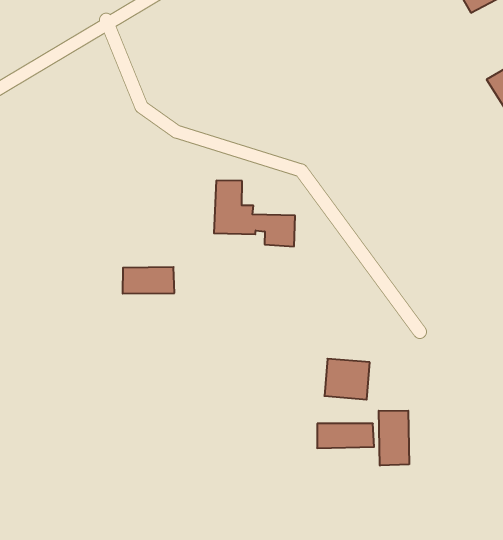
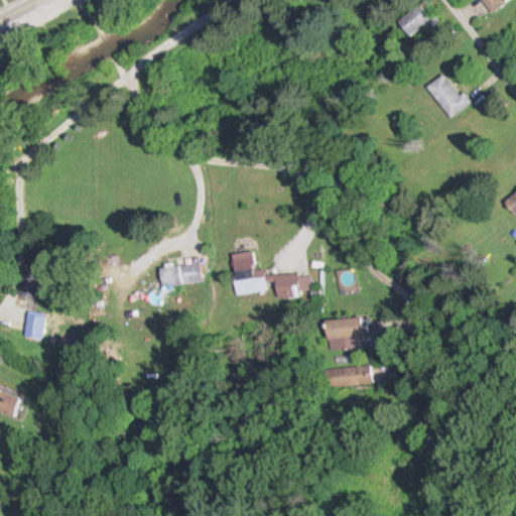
building: [214,181,295,246] -> [232,250,298,297]
building: [379,411,409,466] -> none

